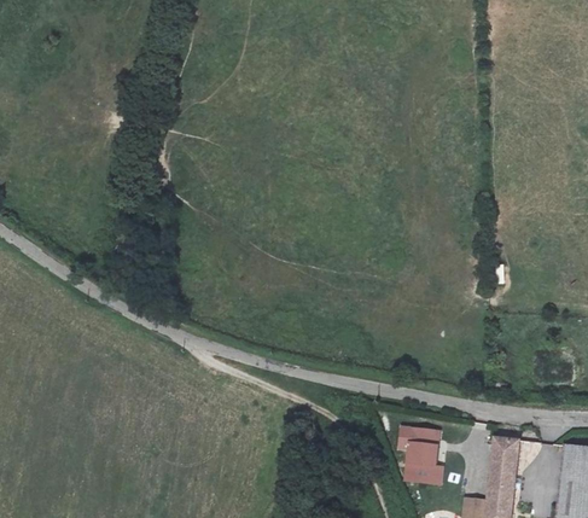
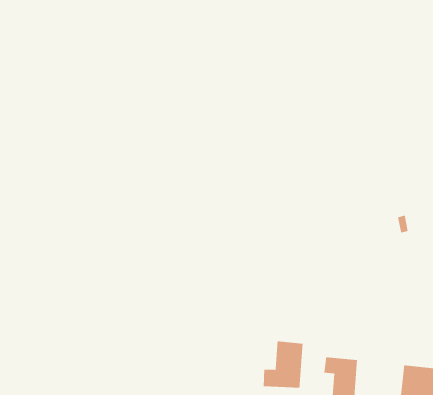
building: none -> [263,340,303,389]

